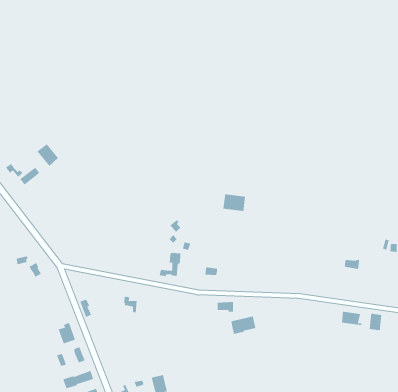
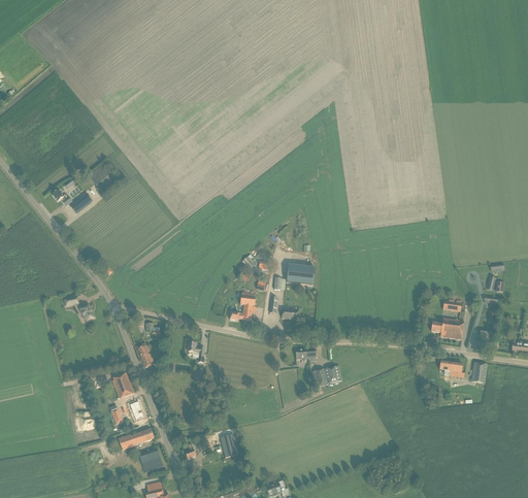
building: [223,194,246,212] -> [286,264,312,285]
building: none -> [430,318,462,339]

